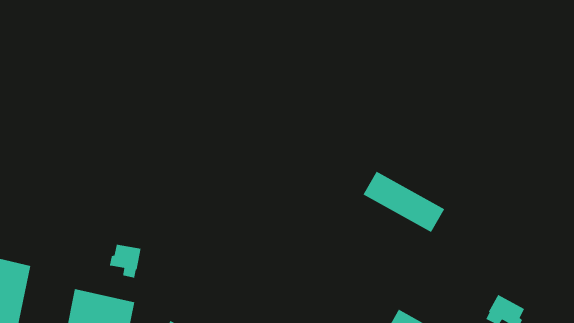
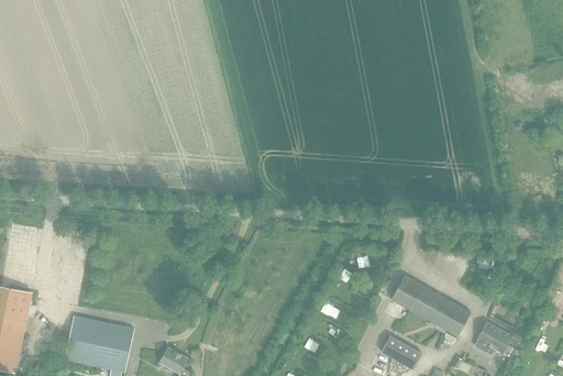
building: [363,171,445,233] -> [390,275,471,335]
building: [109,244,141,278] -> none

